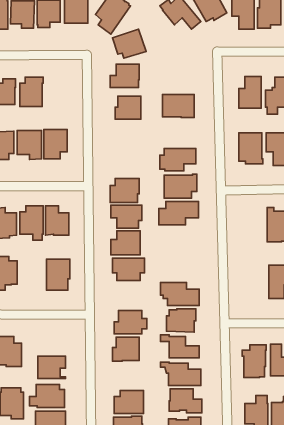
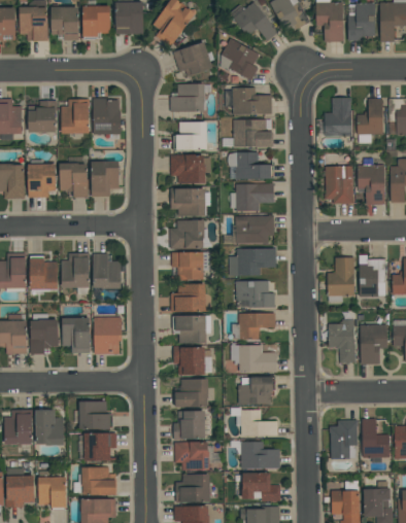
building: none -> [221,38,260,80]
building: none -> [225,88,272,114]
building: none -> [93,98,121,134]
building: none -> [227,152,271,179]
building: none -> [170,154,210,183]
building: none -> [171,187,205,216]
building: none -> [327,257,354,302]
building: none -> [236,281,274,308]
building: none -> [232,313,275,340]
building: none -> [62,317,90,353]
building: none -> [329,319,354,362]
building: none -> [173,346,211,375]
building: none -> [74,402,113,429]
building: none -> [174,442,213,470]

